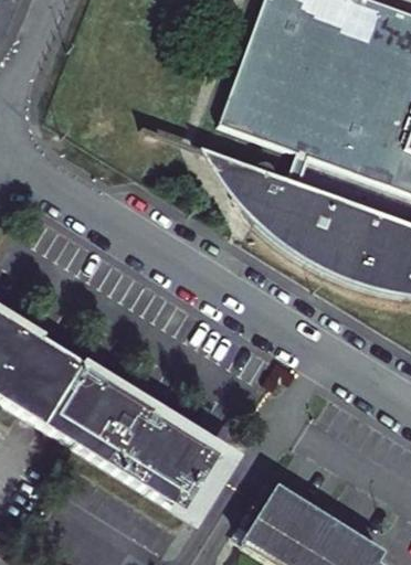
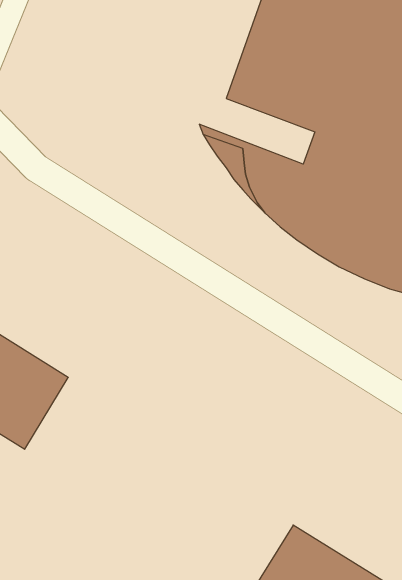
building: [45,360,224,510] -> none

